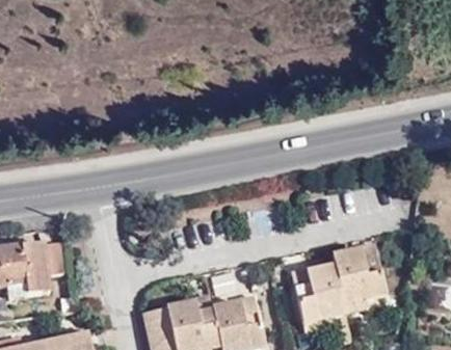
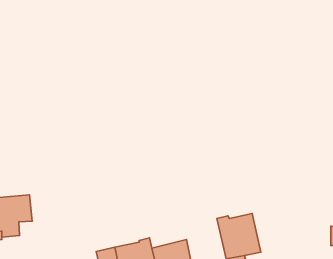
building: [331,245,386,313] -> none

